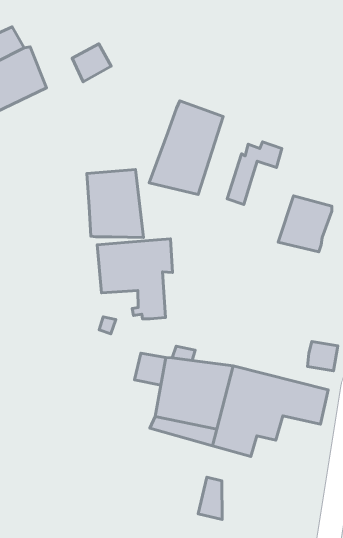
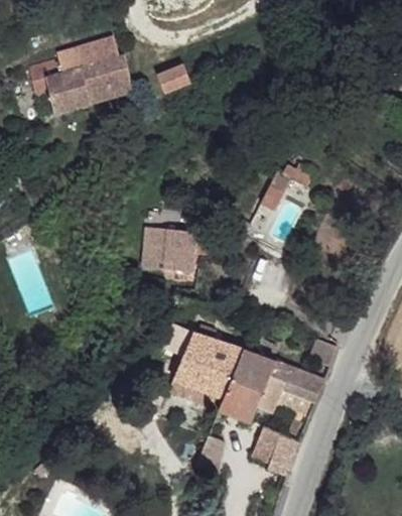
building: [149,101,223,195] -> none
building: [87,170,144,238] -> none
building: [278,196,332,252] -> none
building: none -> [250,426,299,480]

